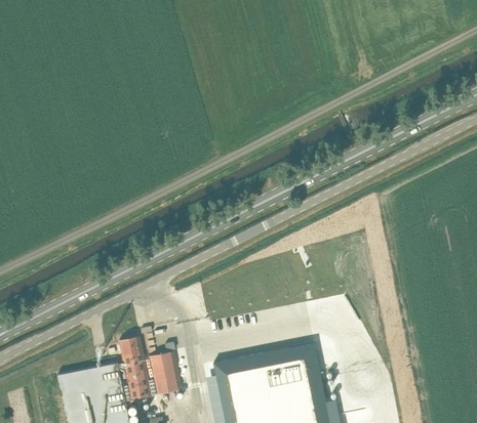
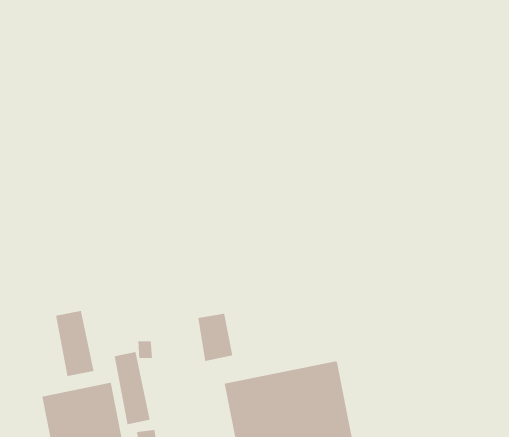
building: none -> [56,310,94,377]
building: [151,354,182,396] -> [198,313,233,362]

